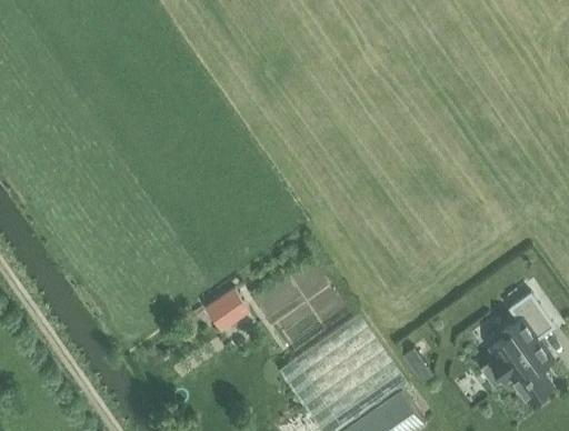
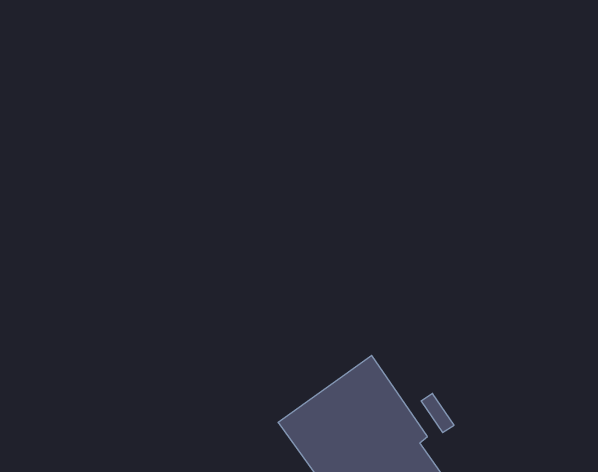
building: [204,287,249,330] -> none
building: [490,292,552,398] -> none

